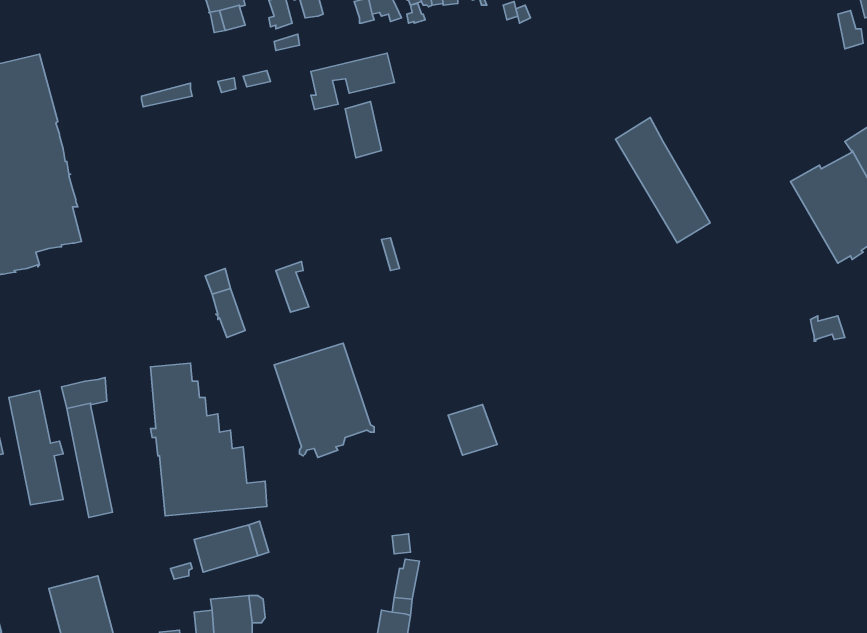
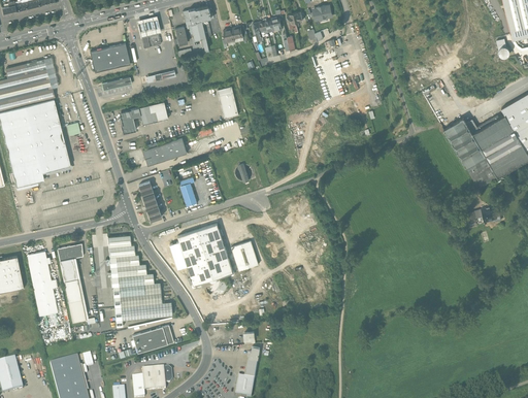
building: none -> [90,42,130,71]
building: [311,53,394,110] -> [121,102,168,134]
building: [616,117,710,243] -> [443,119,497,190]
building: none -> [142,138,187,166]
building: [448,404,497,455] -> [231,241,259,270]

